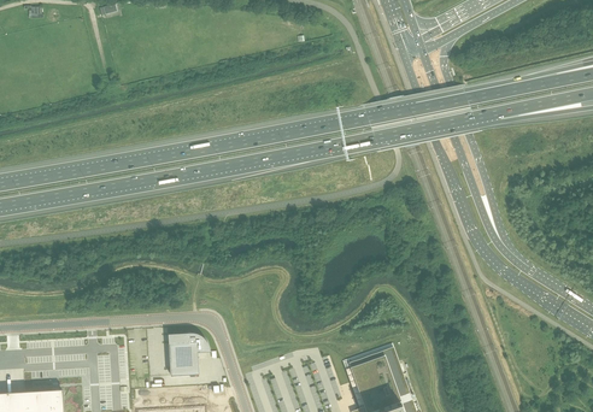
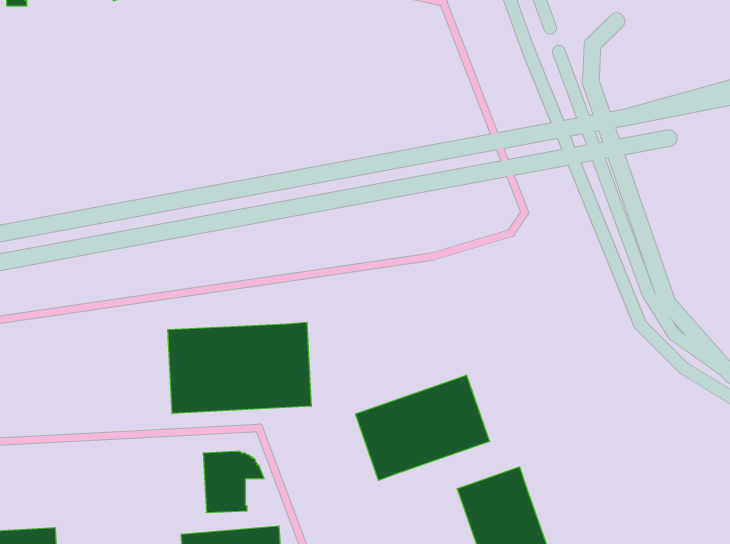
building: none -> [168,322,311,414]
building: none -> [355,375,490,480]

